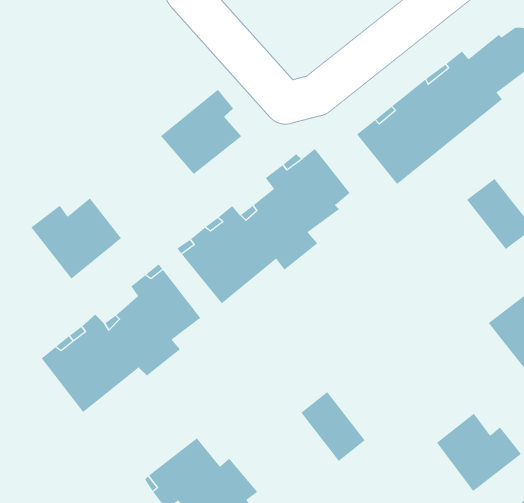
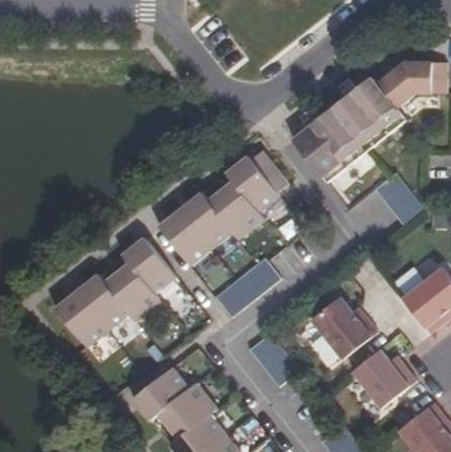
building: [160,89,242,175] -> none
building: [31,198,122,279] -> none
building: none -> [214,259,279,318]
building: none -> [312,296,378,358]

